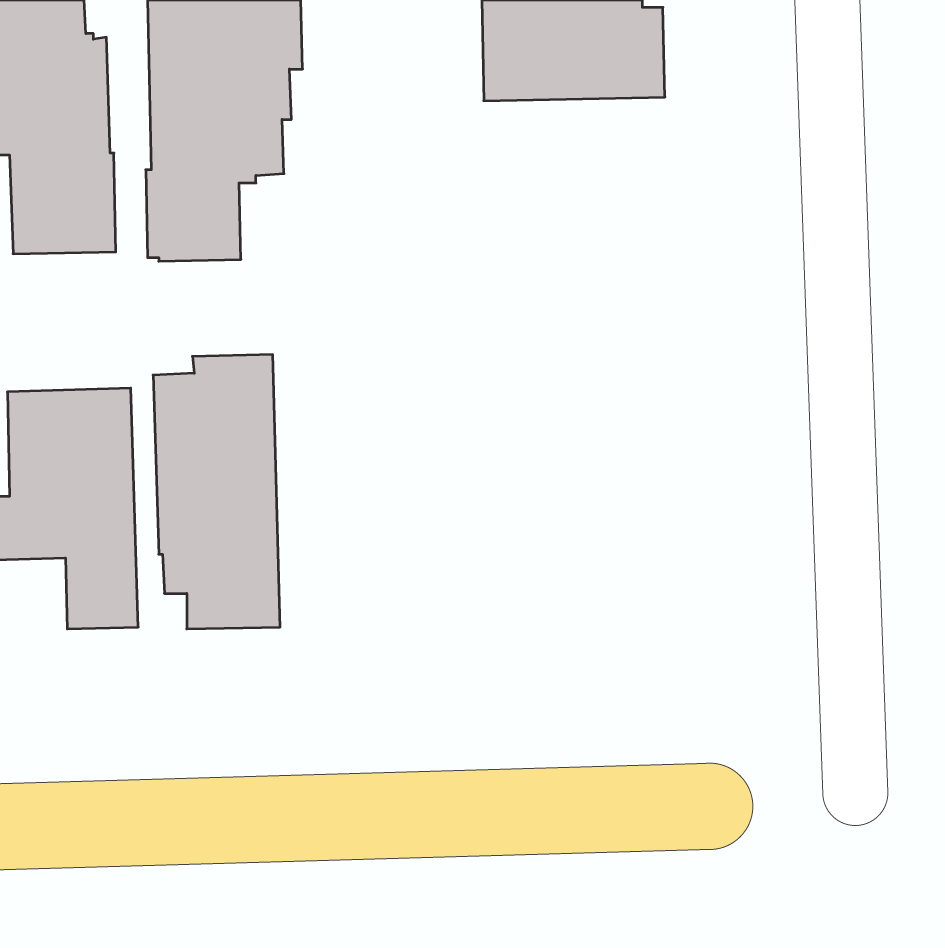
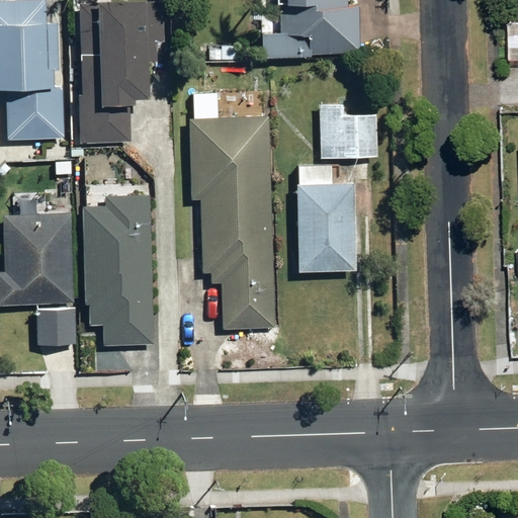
building: none -> [187,92,273,329]
building: none -> [319,102,375,158]
building: none -> [296,163,375,270]

